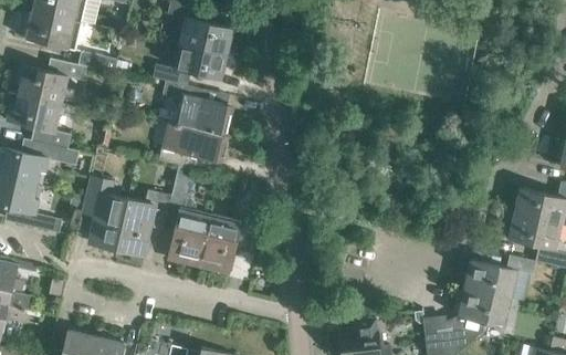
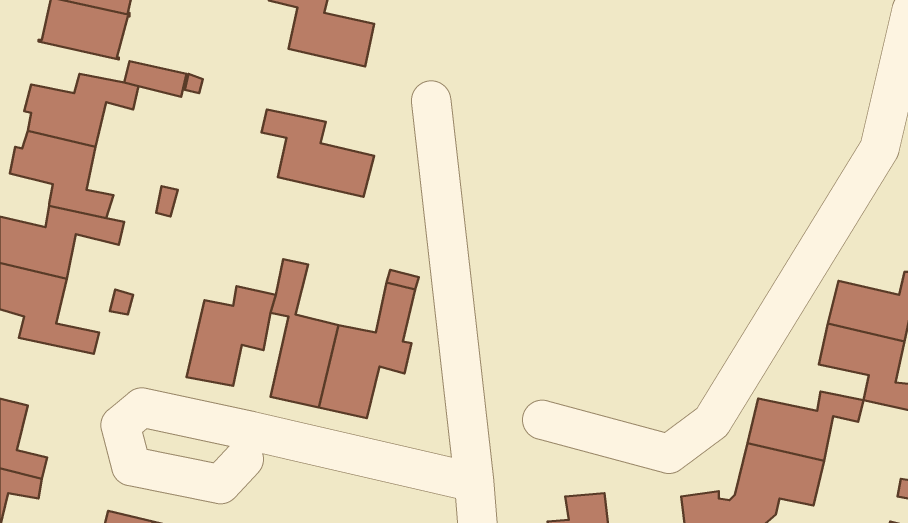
building: [153,43,227,85] -> none
building: [164,123,226,161] -> none
building: [82,176,127,247] -> none

